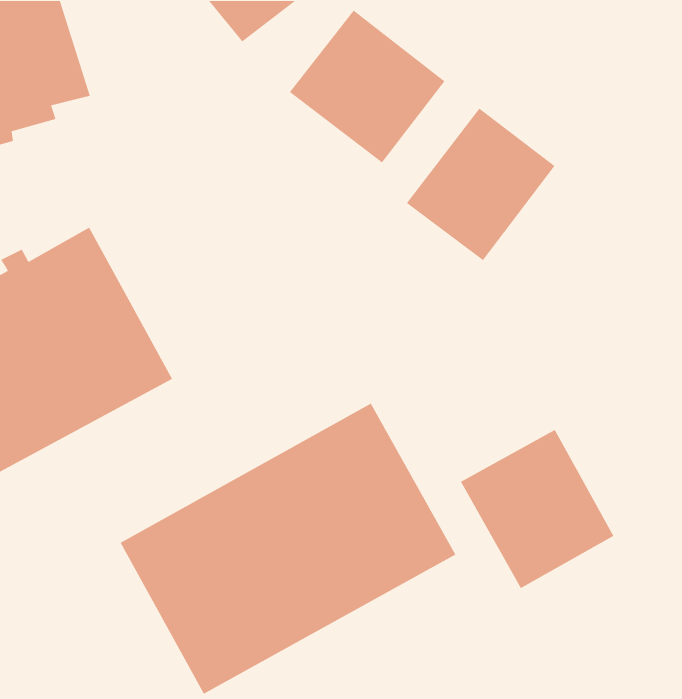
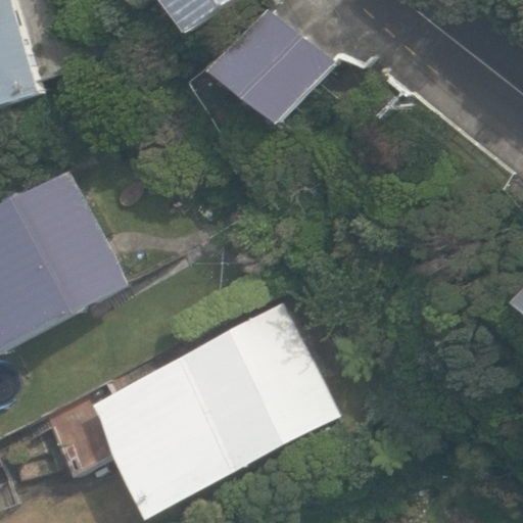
building: [406,107,556,261] -> none
building: [460,429,615,589] -> none

